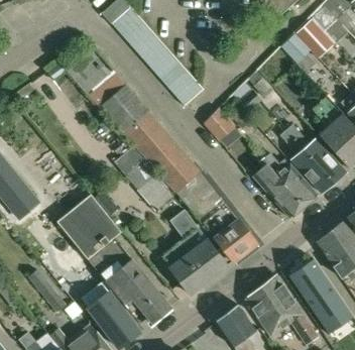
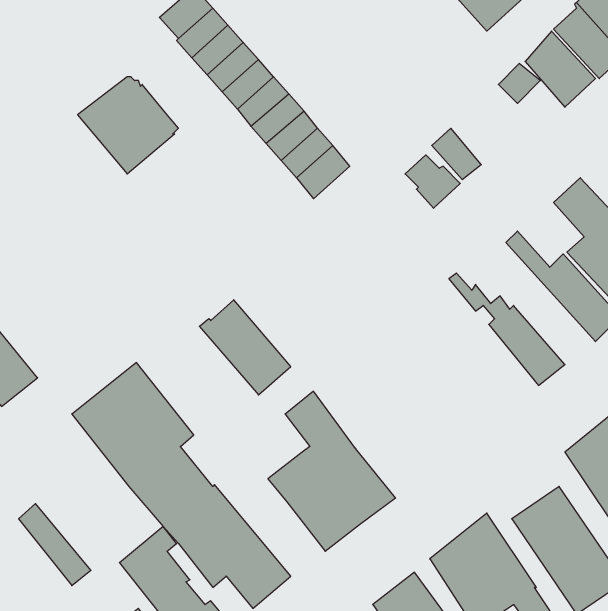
building: [100,85,257,262] -> none
building: [204,108,235,140] -> none
building: [280,130,334,194] -> none
building: [251,149,304,217] -> none

